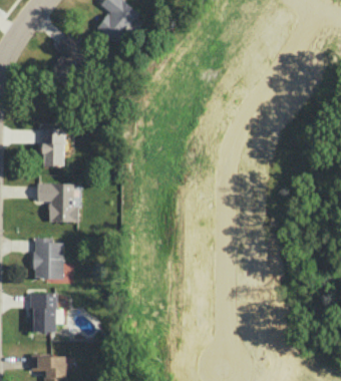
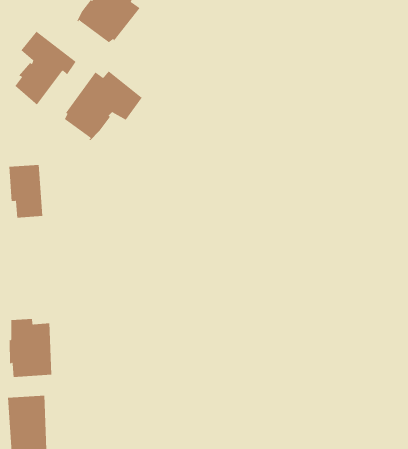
building: none -> [64,70,142,141]
building: [37,183,78,222] -> none

